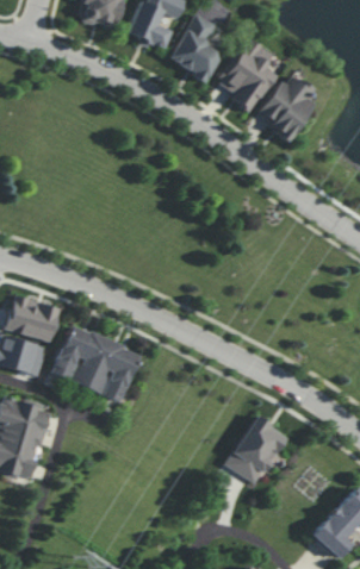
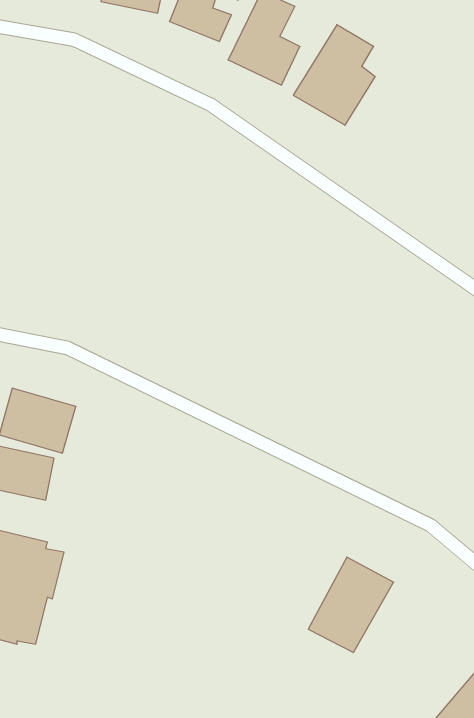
building: [257,71,317,138] -> none
building: [52,326,139,401] -> none

